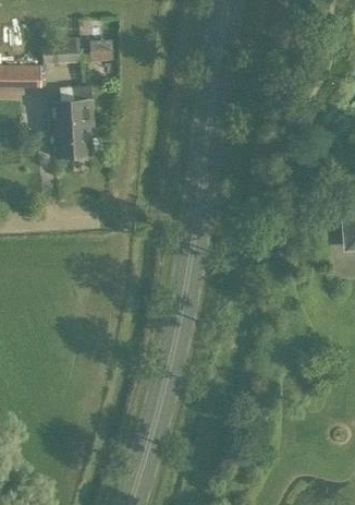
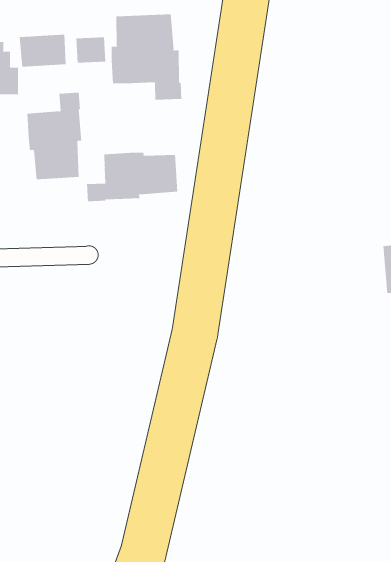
building: none -> [111,13,182,101]
building: none -> [86,152,178,202]

